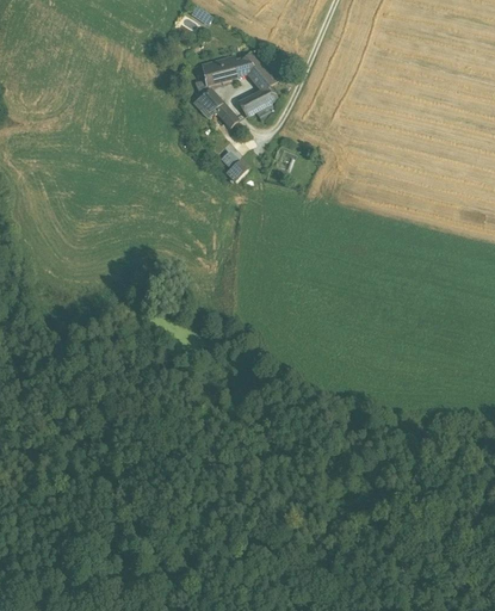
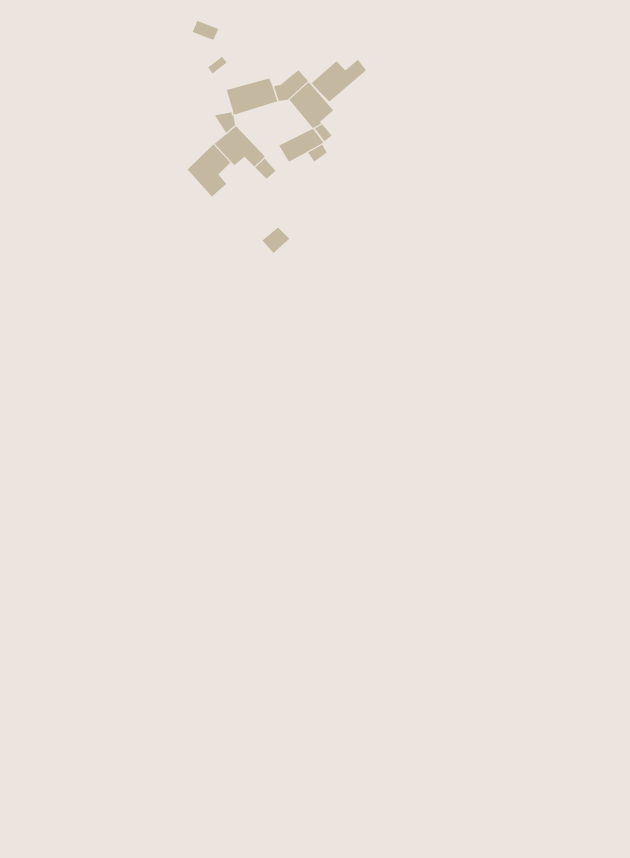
building: none -> [311,59,368,103]
building: none -> [187,143,231,198]

